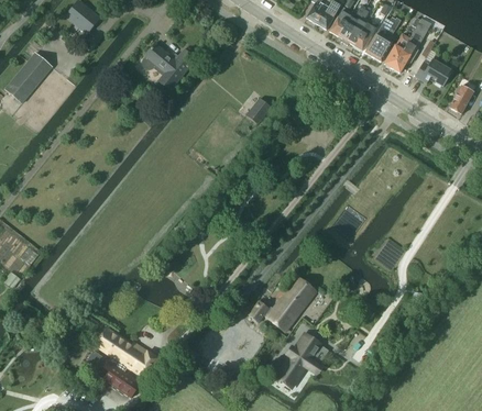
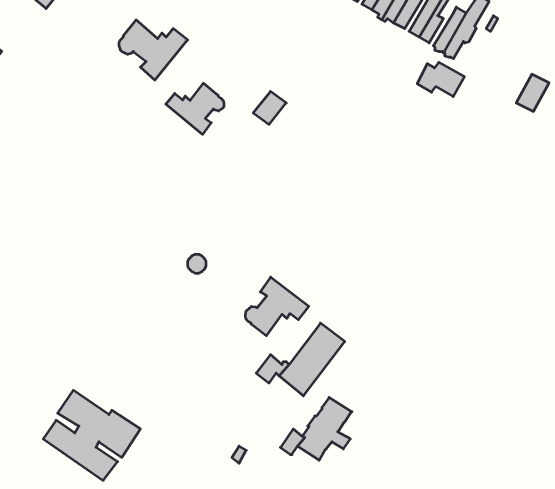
building: [415,59,451,86] -> [417,62,464,97]
building: none -> [166,83,224,134]
building: none -> [245,277,309,336]

